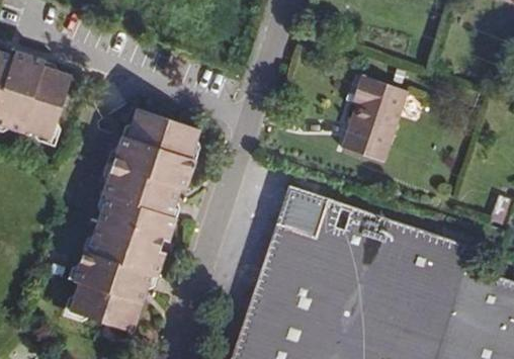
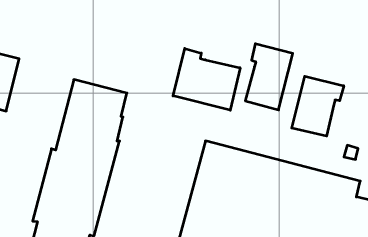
building: none -> [173,48,240,110]
building: none -> [292,76,344,136]

